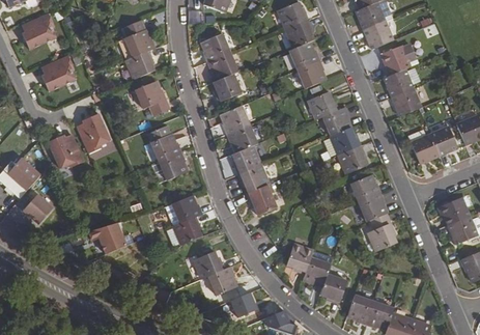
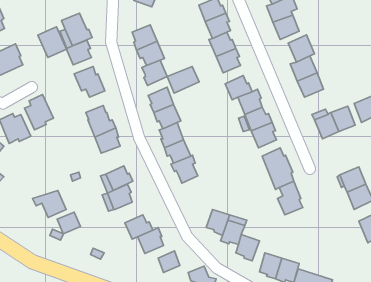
building: none -> [38,27,66,58]
building: none -> [167,66,199,93]
building: none -> [57,212,81,234]

